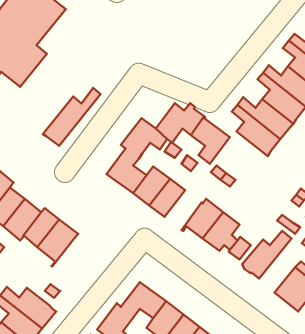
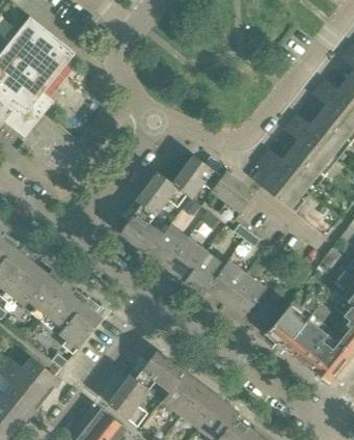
building: [43,88,100,146] -> none
building: none -> [182,250,222,294]
building: none -> [59,303,102,348]
building: none -> [285,303,330,362]

